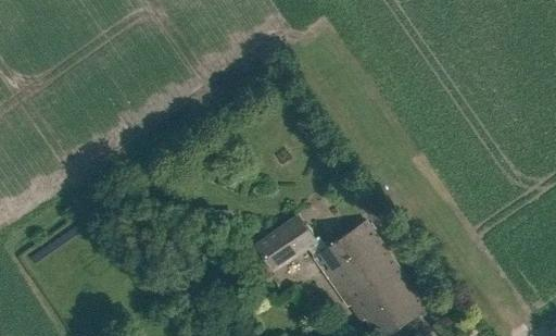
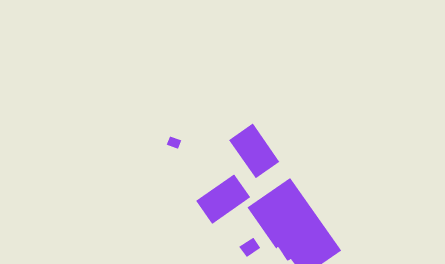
building: none -> [228,123,280,179]

